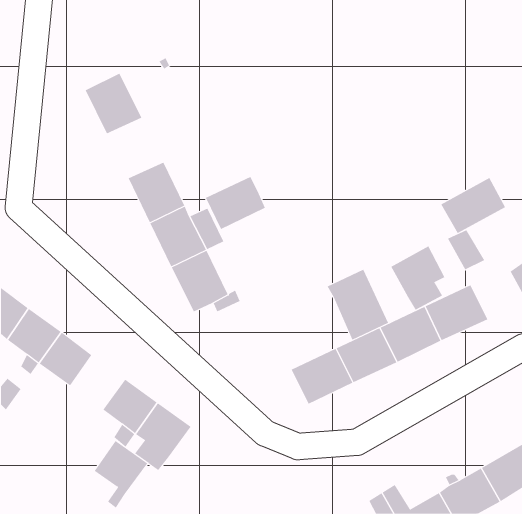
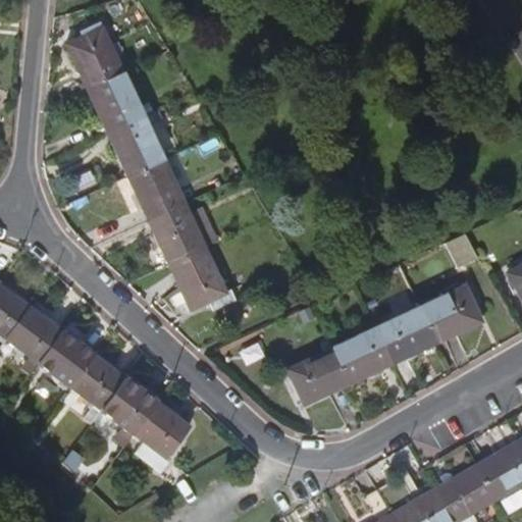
building: none -> [64,30,125,90]
building: none -> [107,117,164,177]
building: [205,176,266,230] -> none
building: [440,177,506,234] -> none
building: [391,246,445,311] -> none
building: [327,269,389,340] -> none
building: [94,440,148,509] -> [71,354,125,422]

